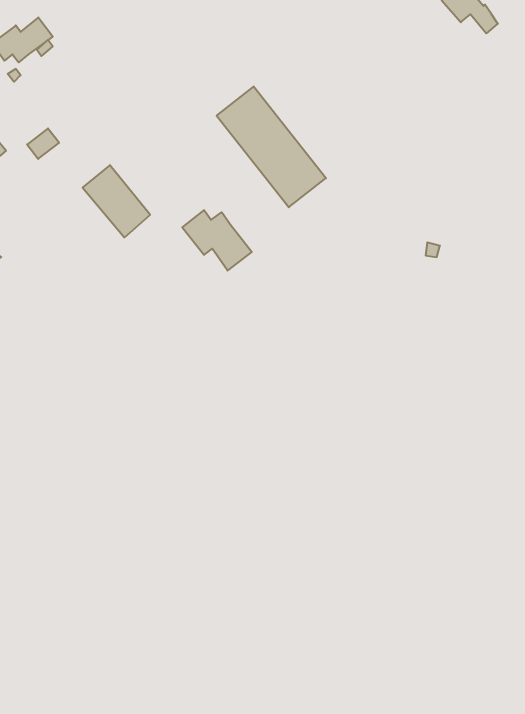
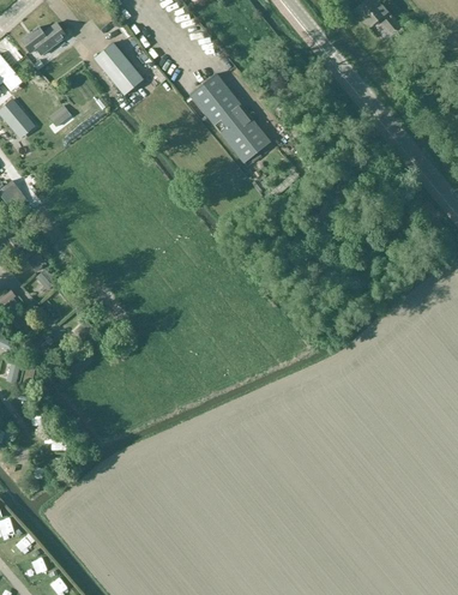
building: [83,165,150,237] -> [94,42,144,96]
building: [182,210,252,271] -> none

